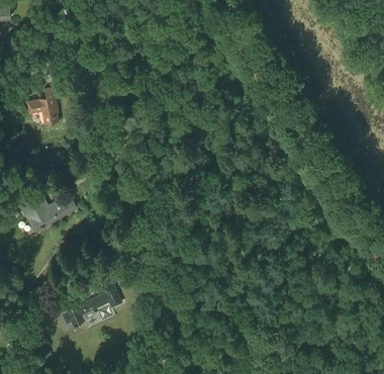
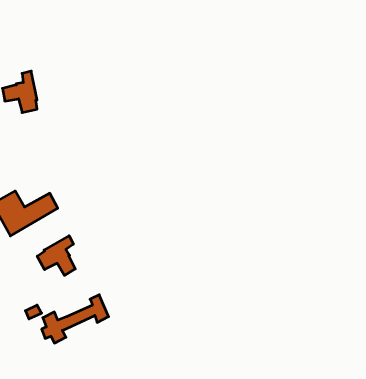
building: none -> [37,236,75,275]

